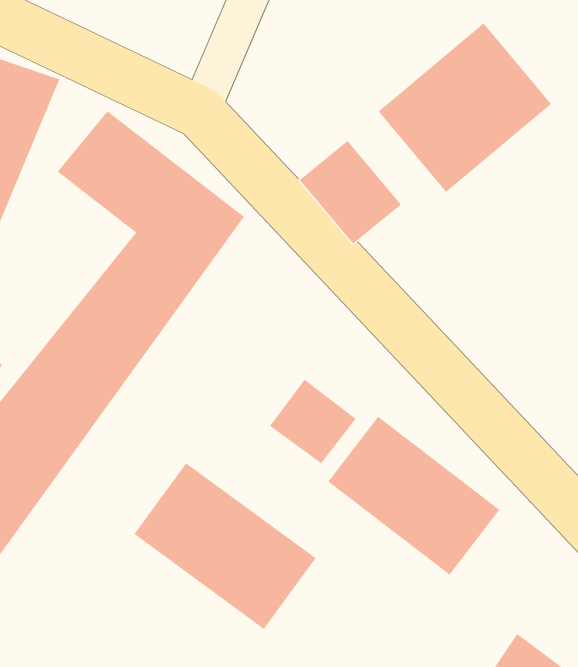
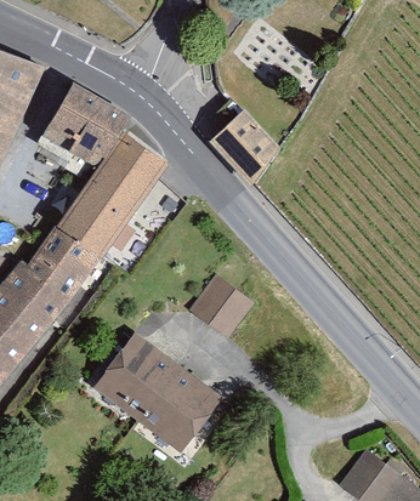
building: [378,23,552,193] -> none
building: [327,416,500,575] -> none

